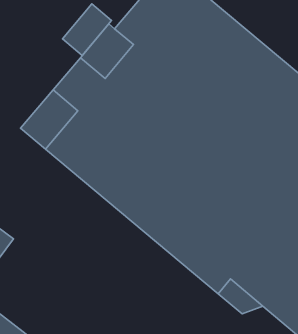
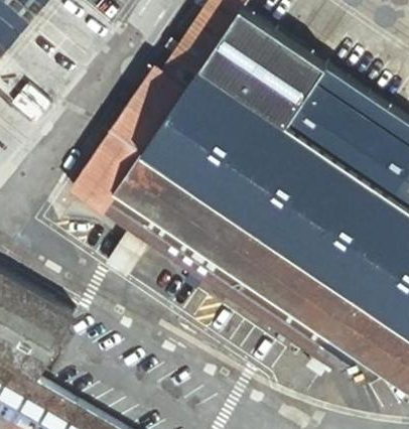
building: [62,4,111,56] -> none

